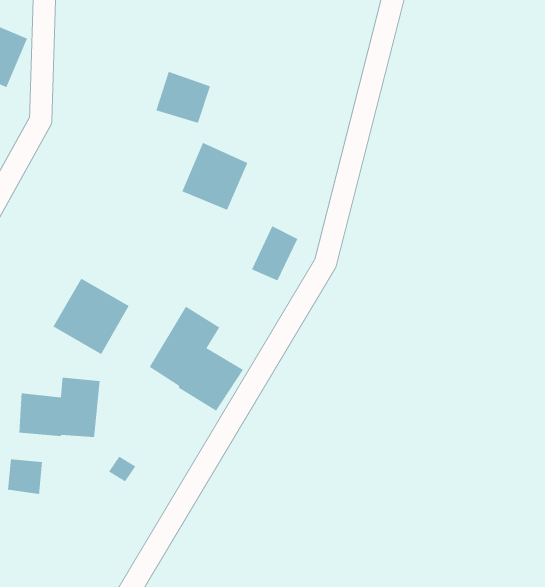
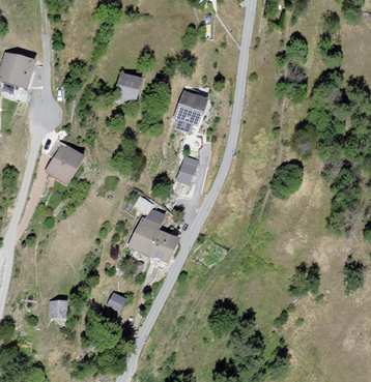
building: [181,142,248,210] -> [175,89,211,126]
building: [52,278,130,355] -> [46,142,88,184]
building: [19,377,100,438] -> none

